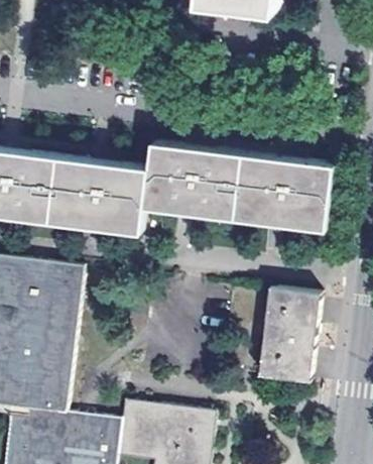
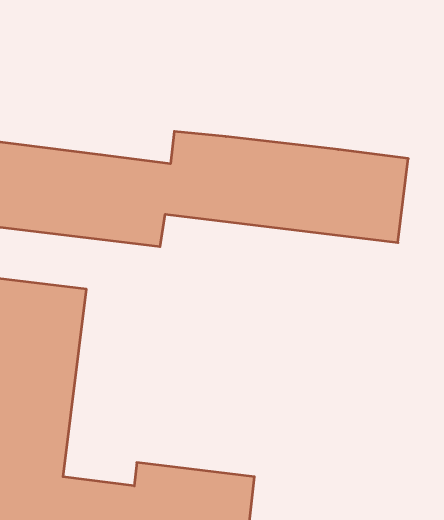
building: [258,288,321,383] -> none

